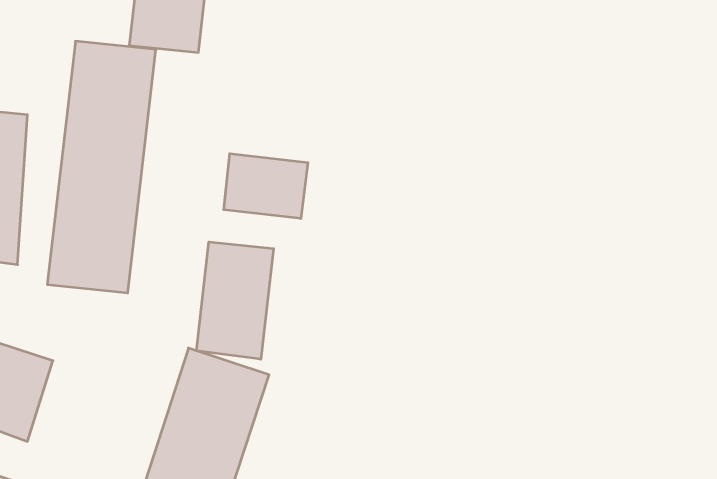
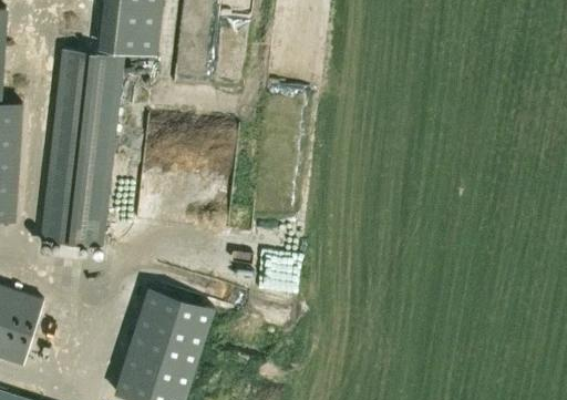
building: [224,154,308,219] -> none
building: [196,242,274,359] -> none

